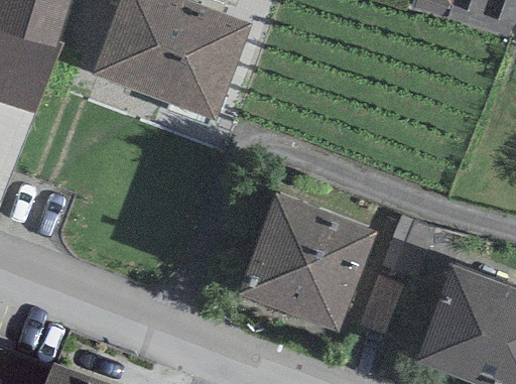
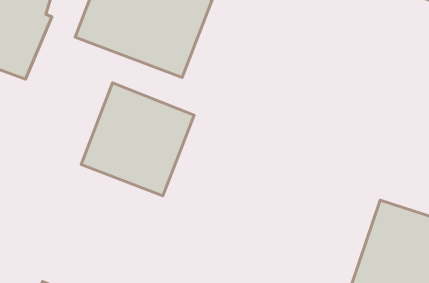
building: none -> [81,83,194,196]
building: [238,185,376,329] -> none

